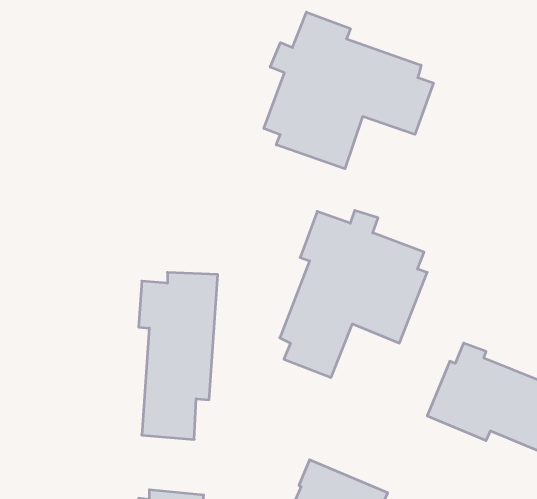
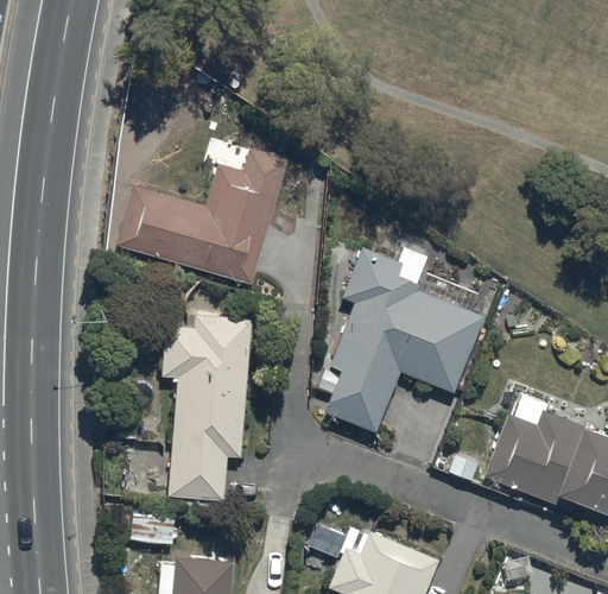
building: [264,12,433,169] -> none
building: none -> [115,148,286,285]

